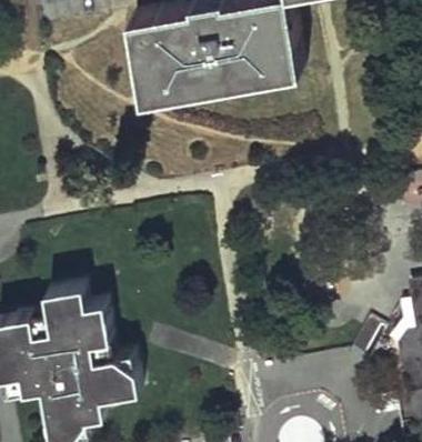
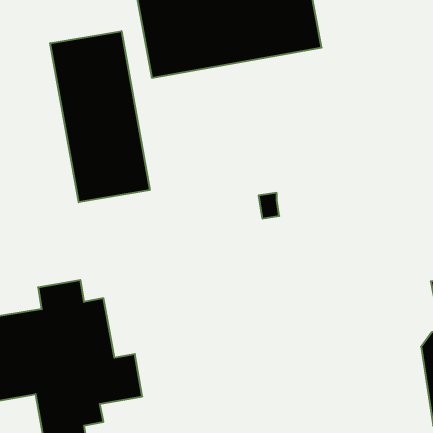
building: none -> [50,31,150,202]

